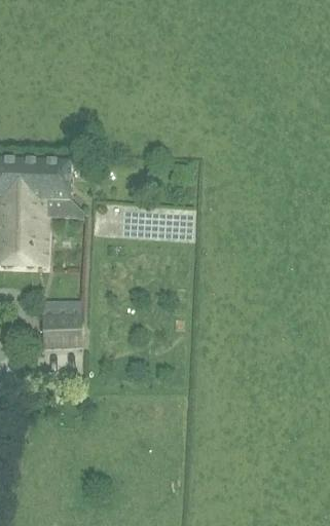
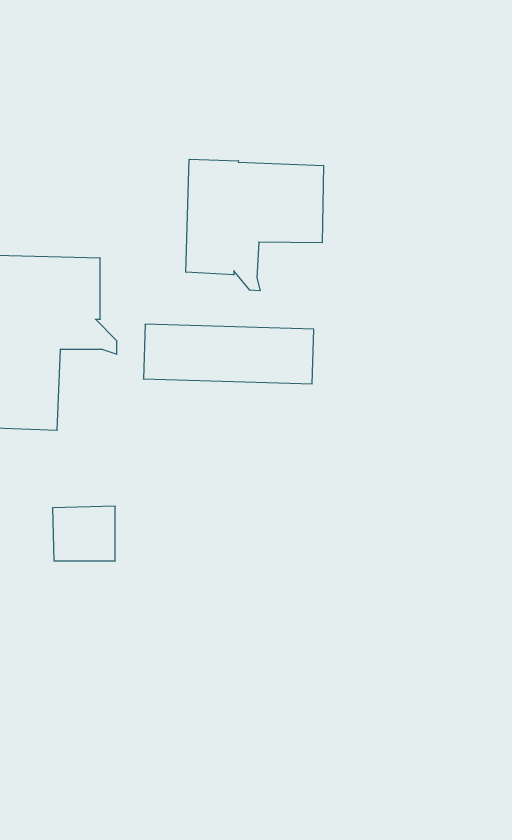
building: none -> [186,159,324,291]

